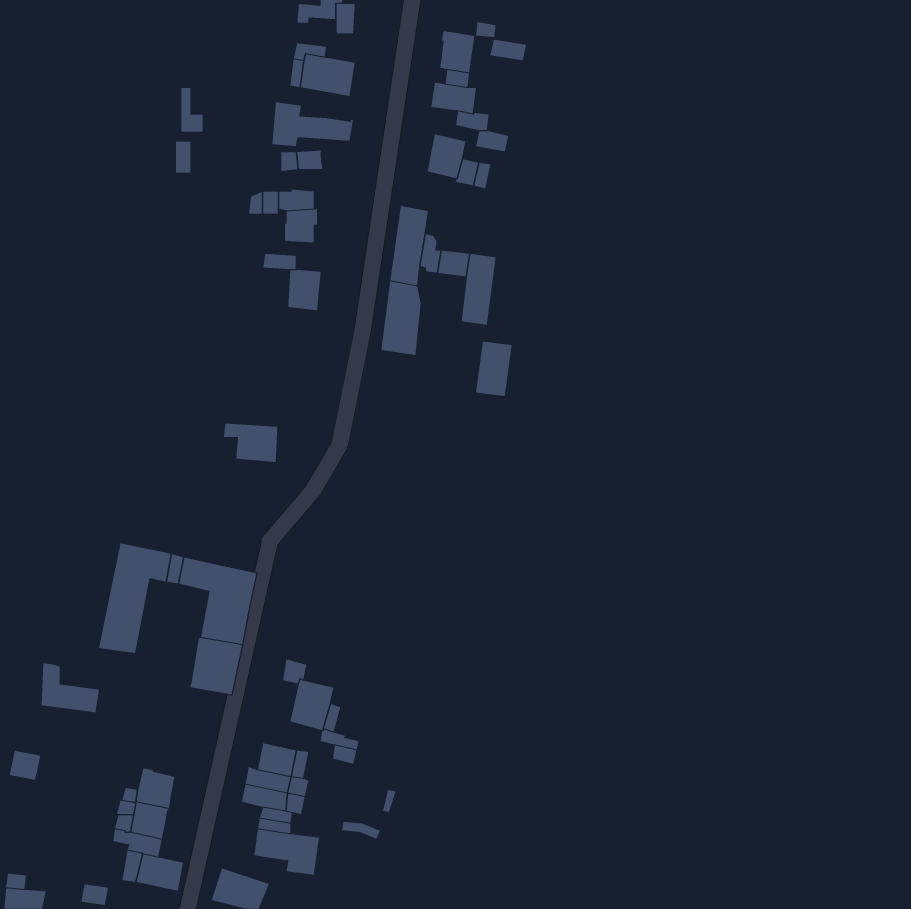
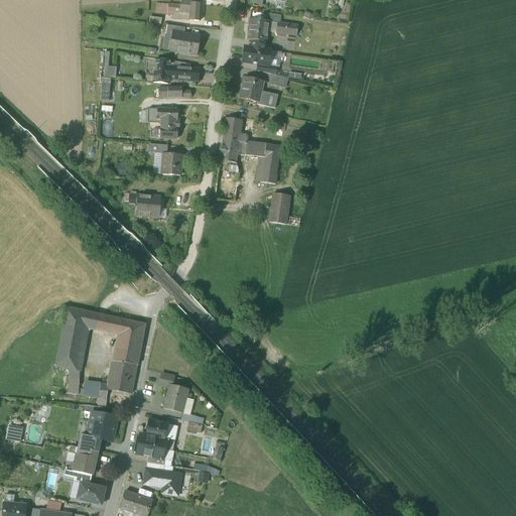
building: [223,423,278,462] -> [130,194,161,216]
building: [41,663,100,713] -> [70,368,103,396]
building: none -> [88,411,118,440]

